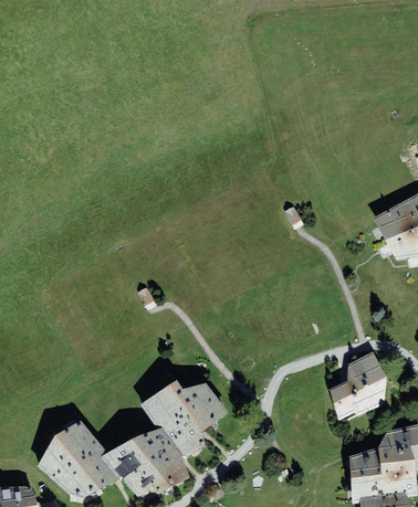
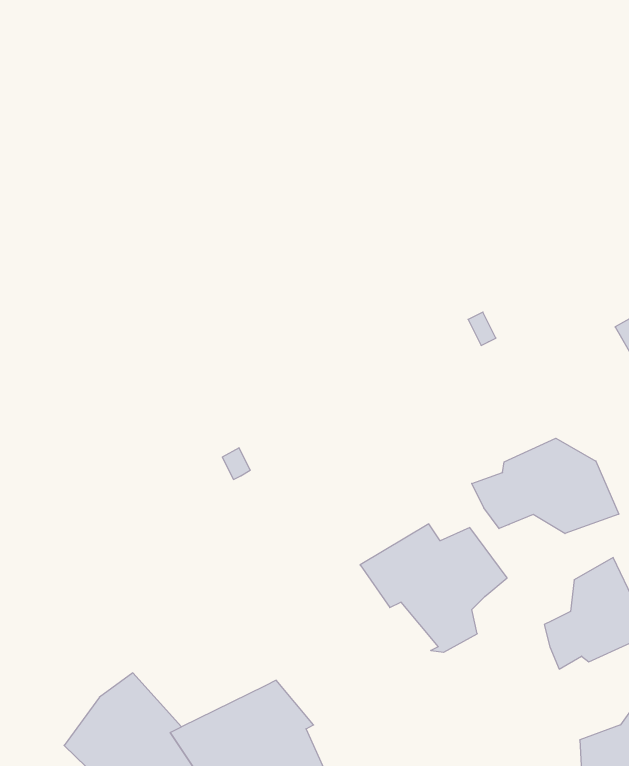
building: none -> [472,438,619,534]
building: [145,379,232,455] -> [360,524,507,652]

